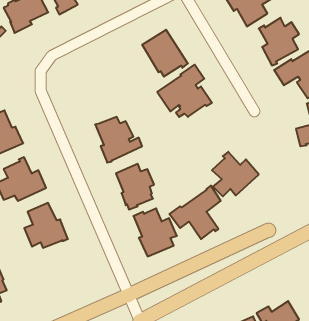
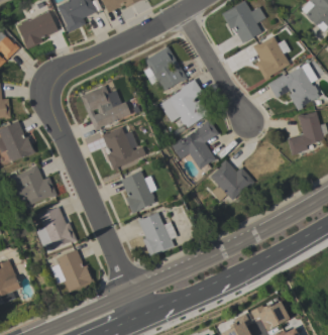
building: none -> [80,85,131,131]
building: [169,186,221,239] -> [171,119,218,169]
building: none -> [51,249,94,292]

